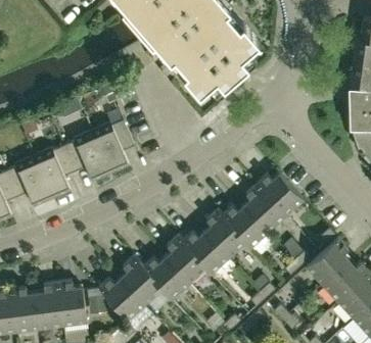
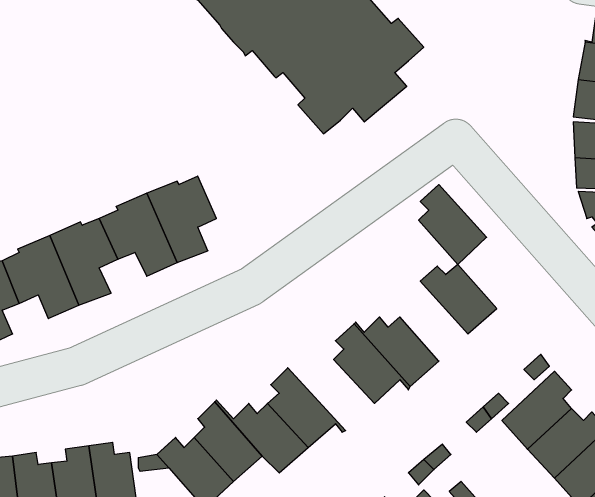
building: [244,184,285,232] -> [419,185,487,264]
building: [177,231,229,274] -> none

